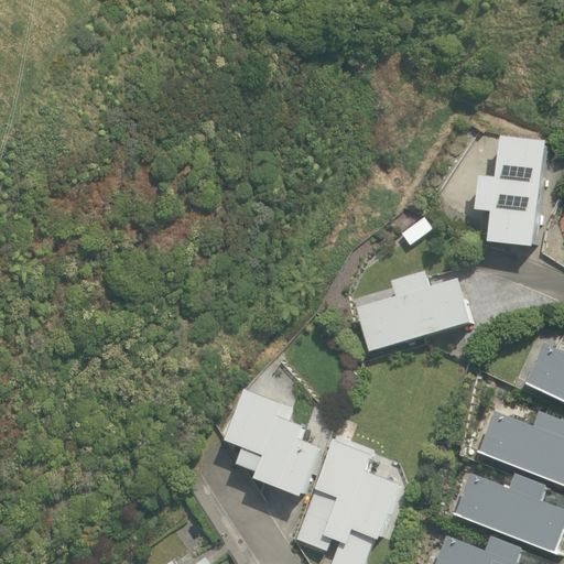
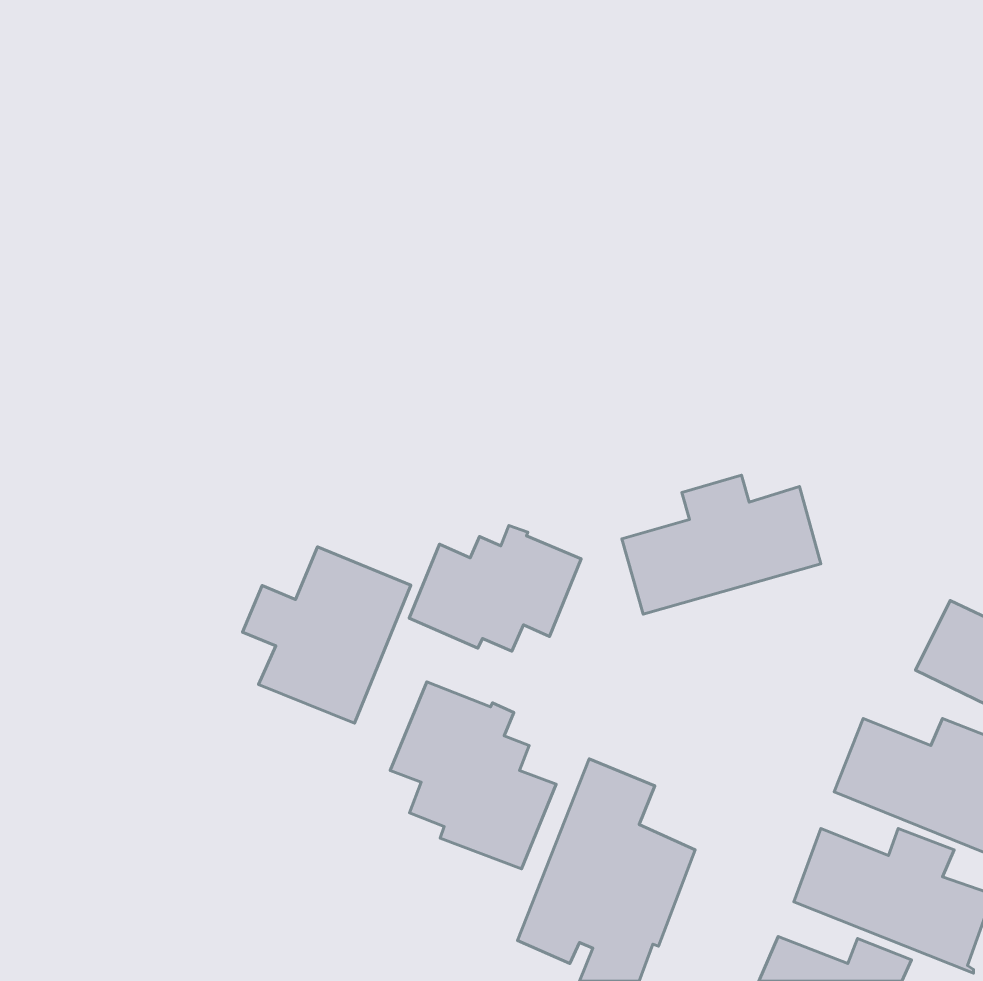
building: [474,137,544,249] -> none
building: none -> [409,525,581,651]
building: none -> [242,547,411,723]

